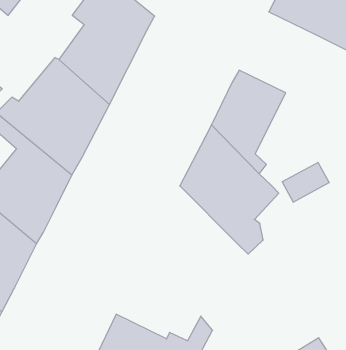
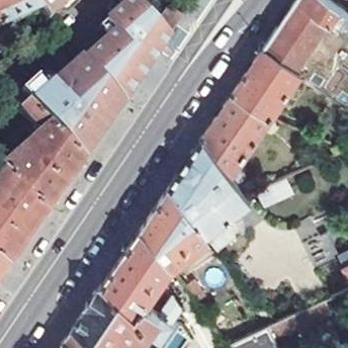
building: none -> [238,42,306,112]
building: none -> [146,178,216,262]
building: none -> [107,234,167,304]

